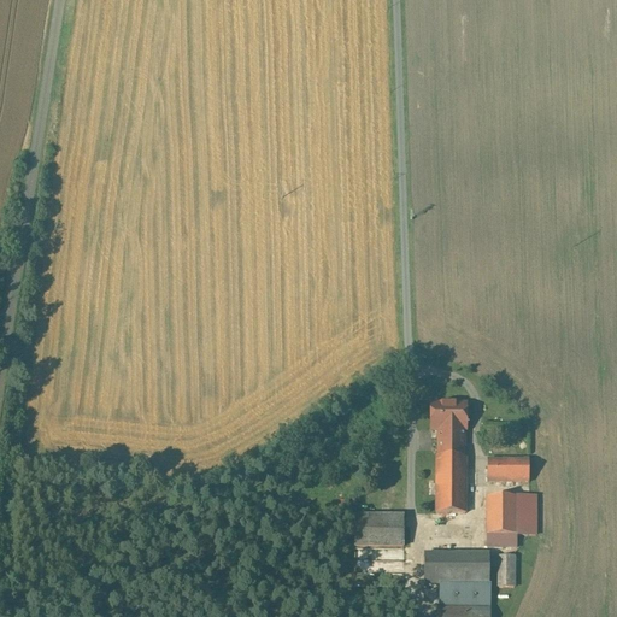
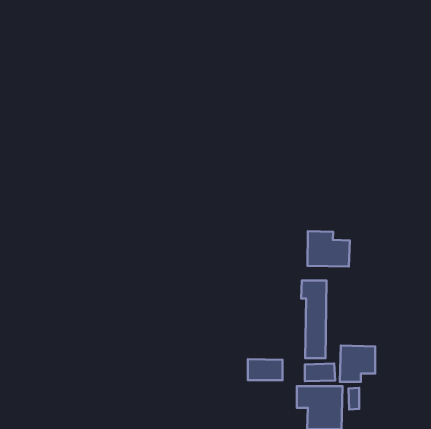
building: none -> [308,231,350,266]
building: [487,457,530,482] -> [305,364,335,381]

